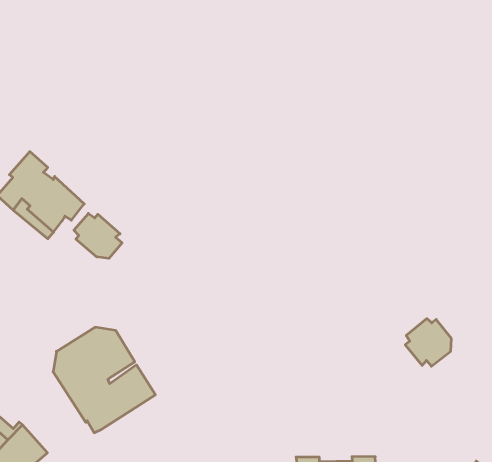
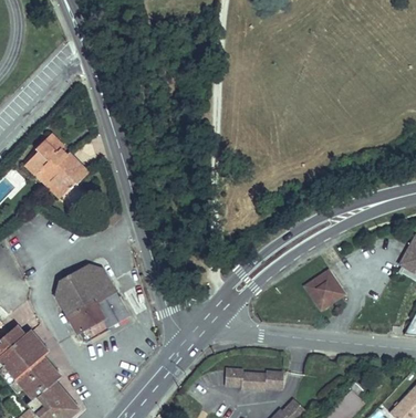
building: [74,213,122,258] -> none

